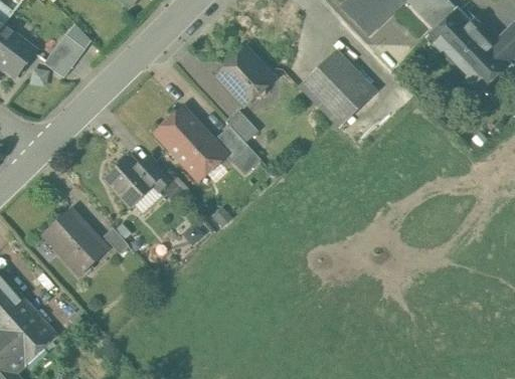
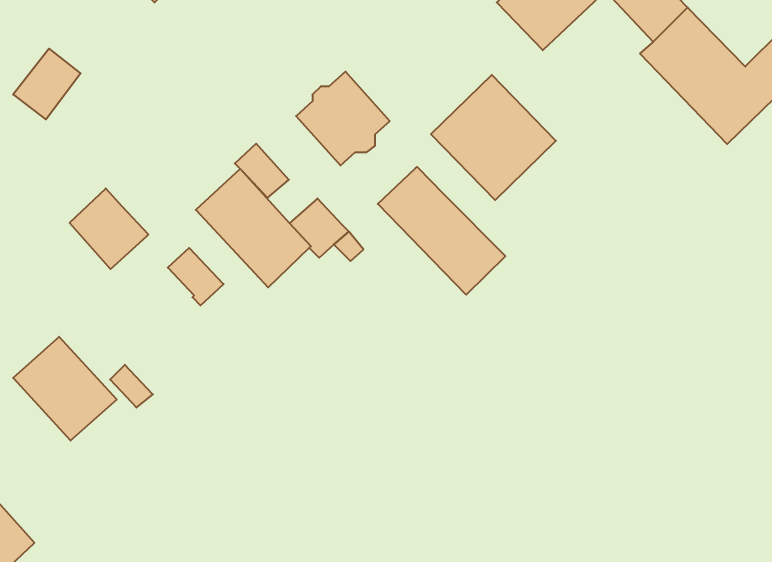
building: none -> [378,167,505,295]
building: [225,109,259,142] -> [235,144,289,198]
building: [107,157,155,206] -> [70,188,148,269]

